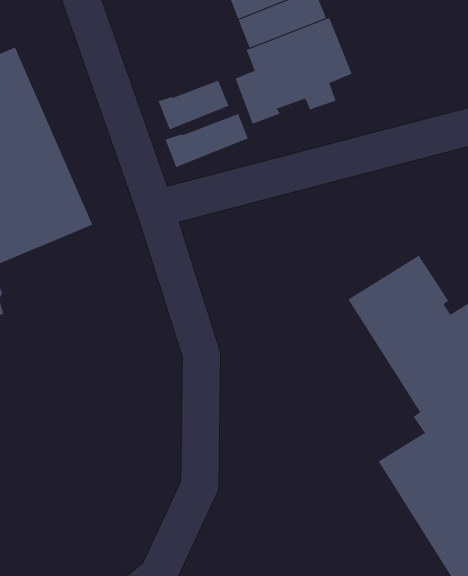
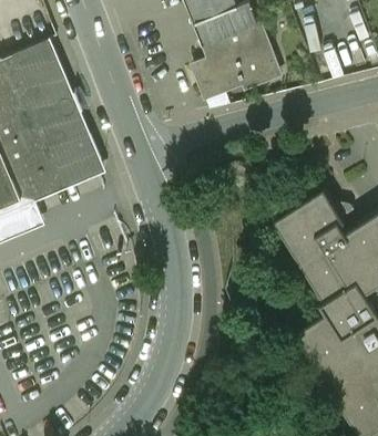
building: [158,80,229,130] -> none
building: [165,113,249,168] -> none

